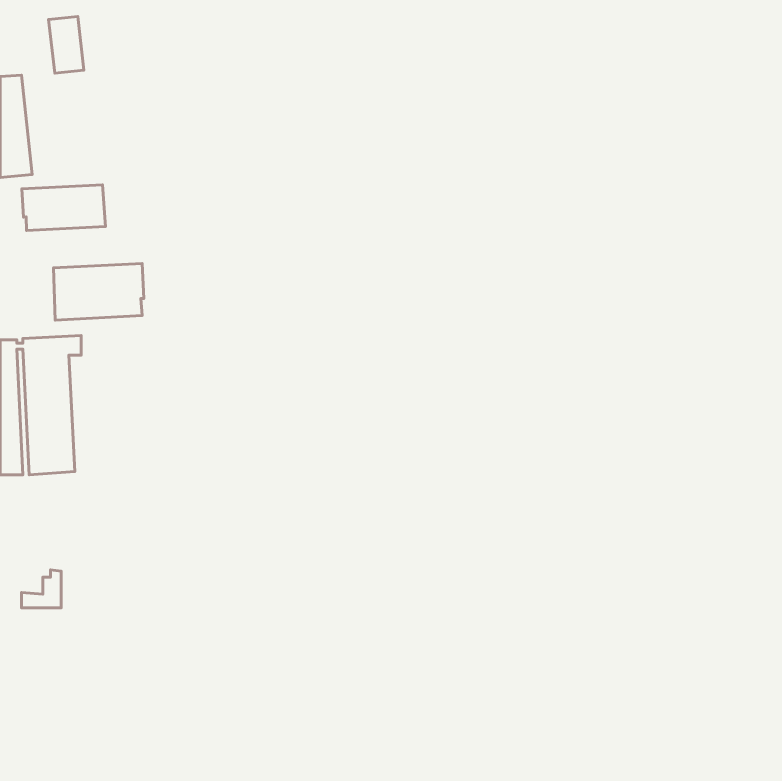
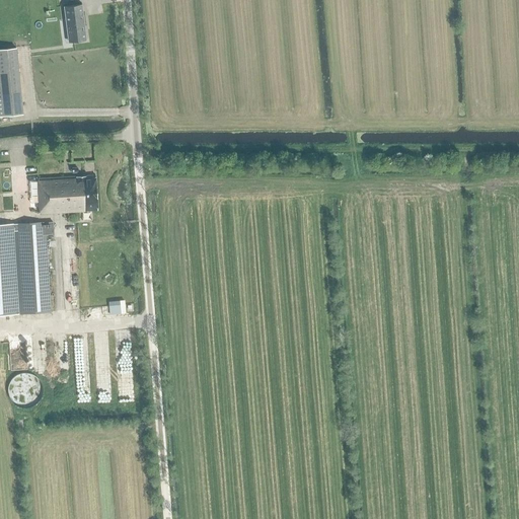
building: [49,16,84,73] -> [63,6,86,44]
building: [22,185,106,231] -> none

